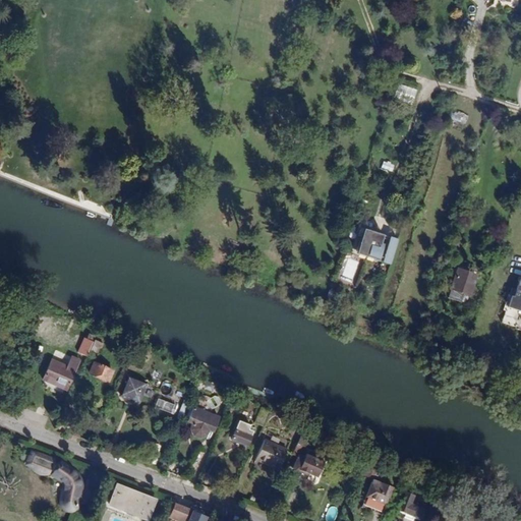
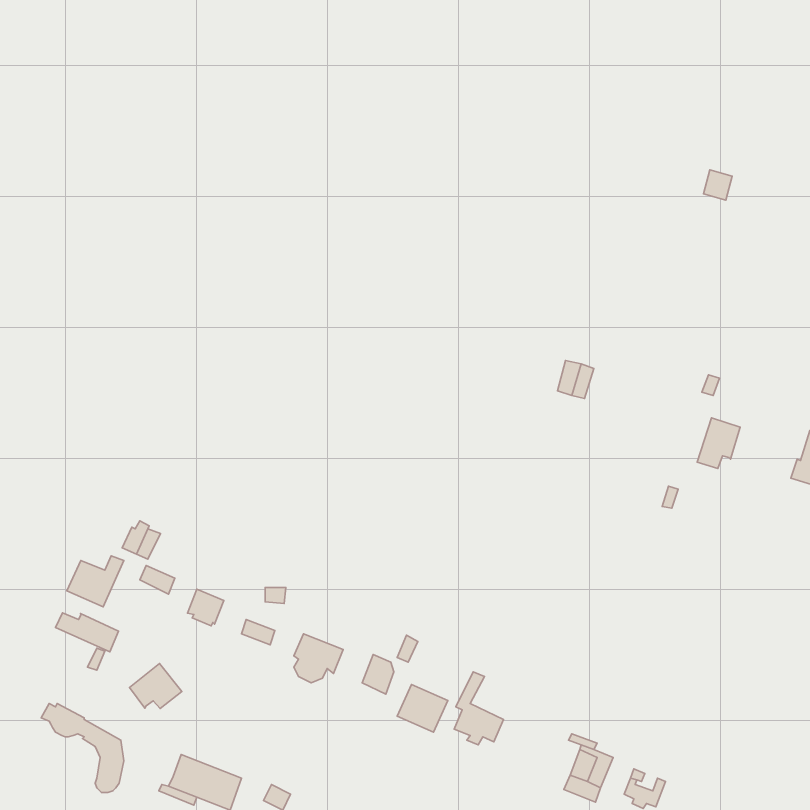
building: none -> [56,613,119,652]
building: none -> [130,663,182,709]

